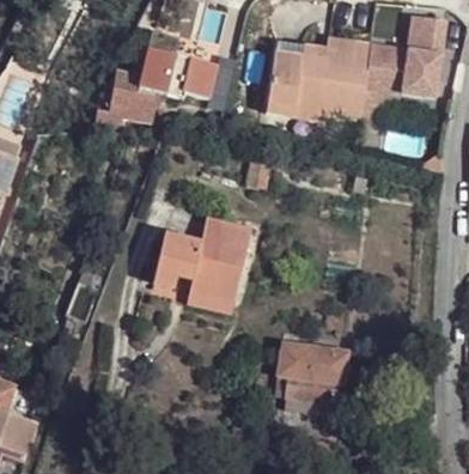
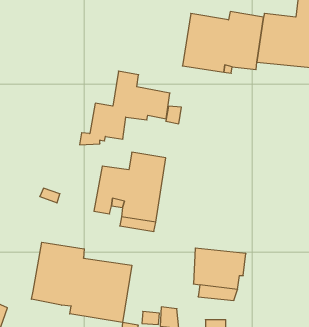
building: [96,28,213,123] -> [80,71,170,145]
building: none -> [31,242,132,323]

